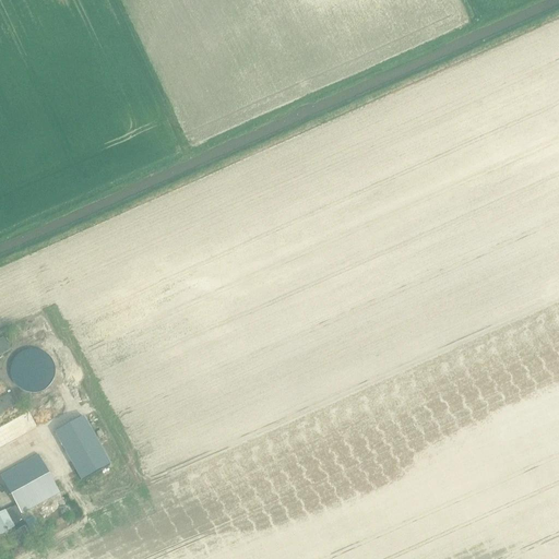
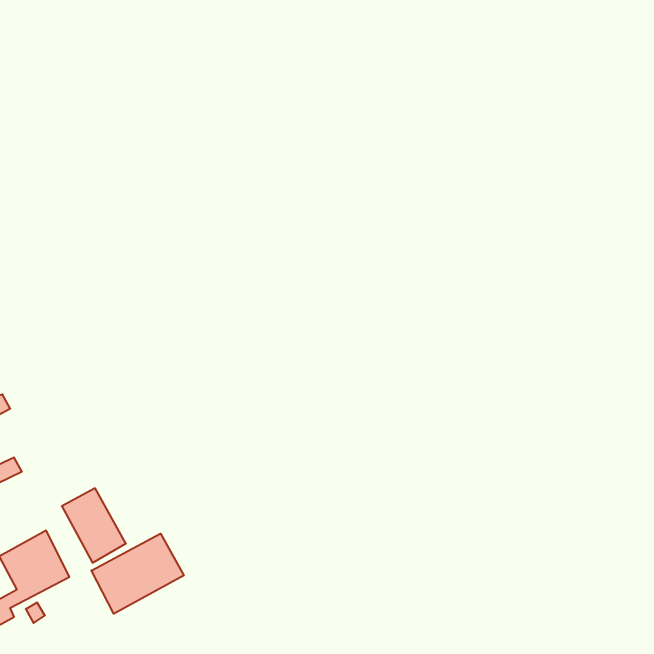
building: none -> [91,534,184,614]

